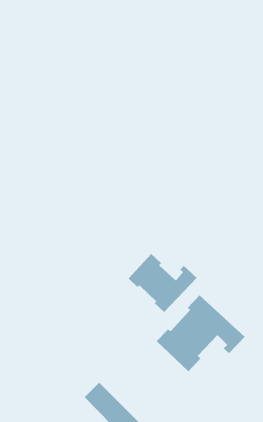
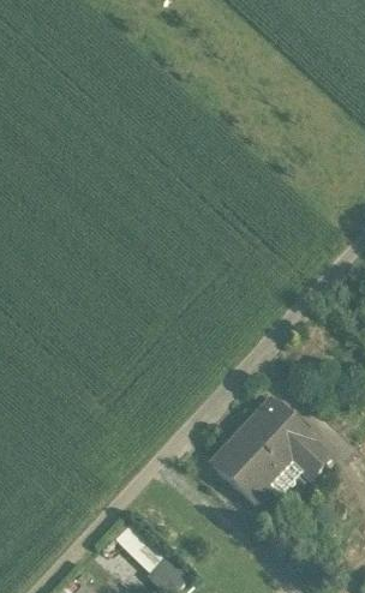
building: [128,253,197,313] -> none

